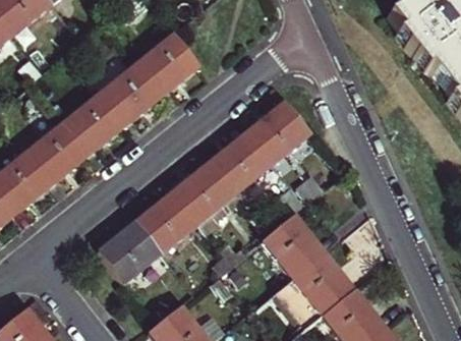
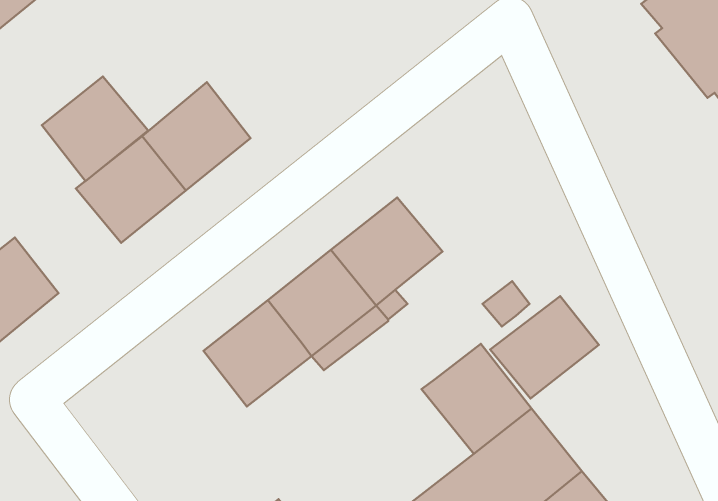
building: [137,33,200,95] -> none
building: [248,99,311,161] -> none
building: [25,124,88,185] -> [42,76,148,181]
building: none -> [490,296,599,399]
building: [98,219,161,282] -> none

